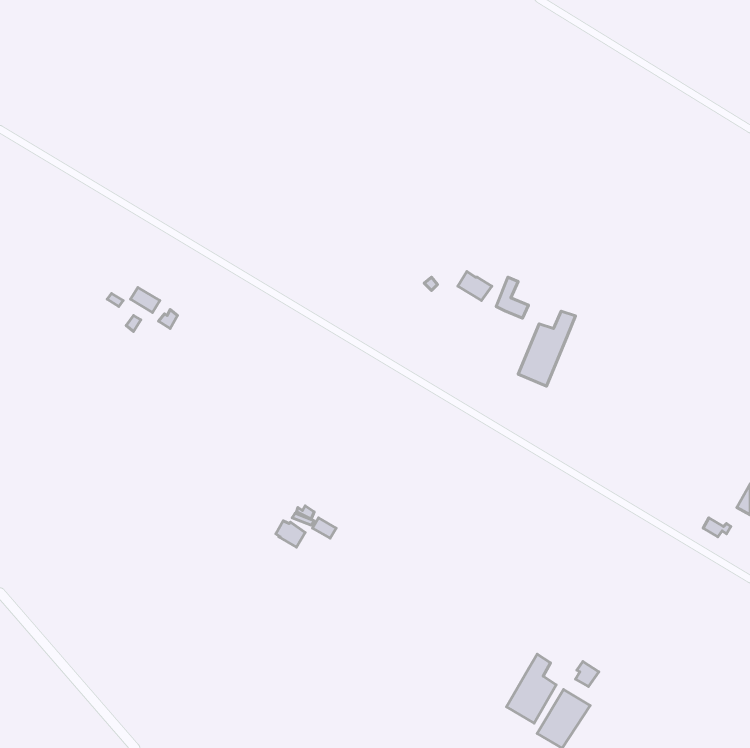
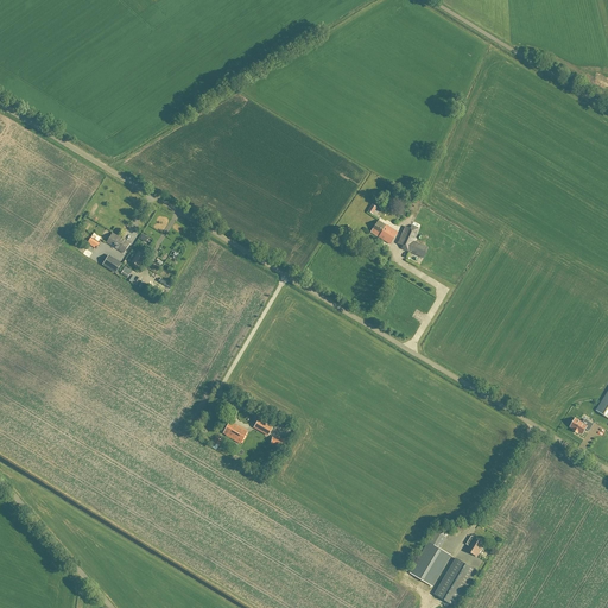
building: [518,311,575,386] -> none

